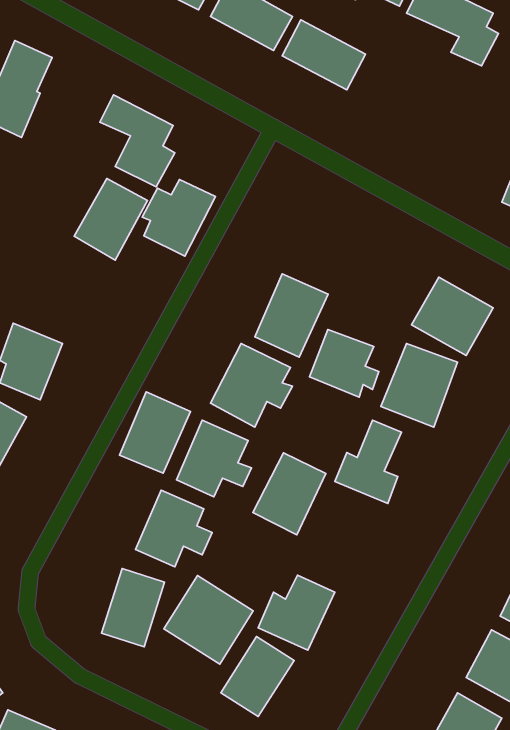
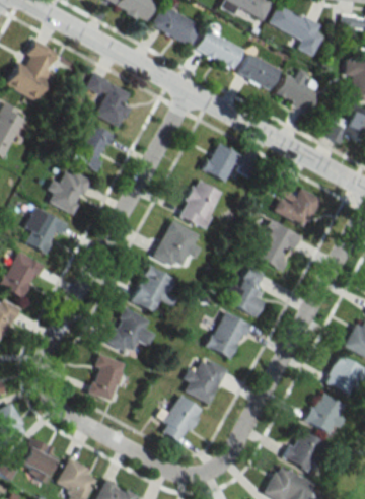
building: none -> [237,54,280,91]
building: none -> [275,70,319,113]
building: [142,180,215,256] -> [48,169,91,215]
building: none -> [202,143,242,184]
building: [310,329,379,397] -> none
building: [120,392,191,473] -> none
building: [253,453,326,535] -> [206,311,249,360]
building: [164,576,253,664] -> none

